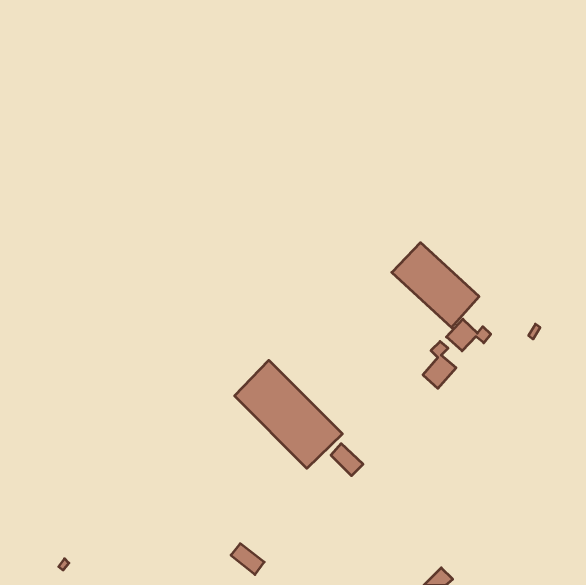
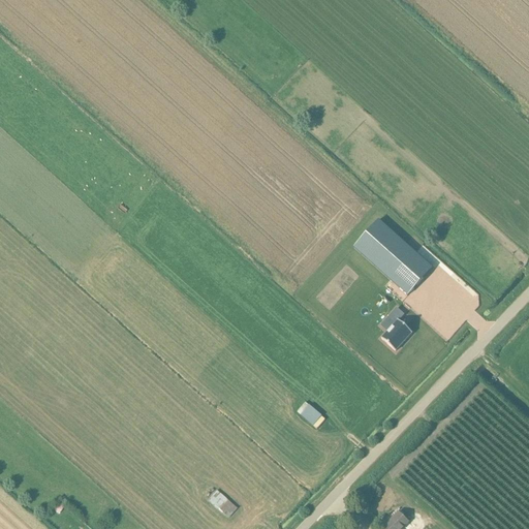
building: [446,319,491,351] -> none
building: [235,360,342,468] -> none

